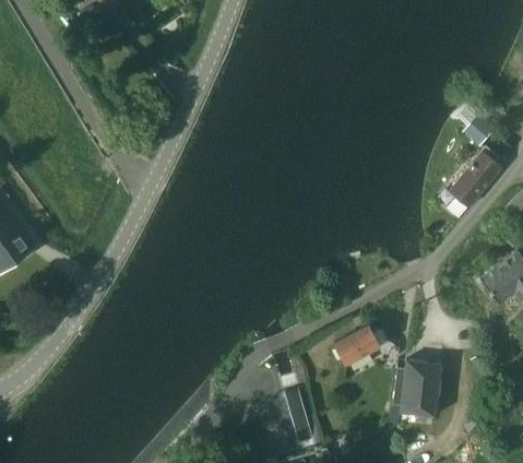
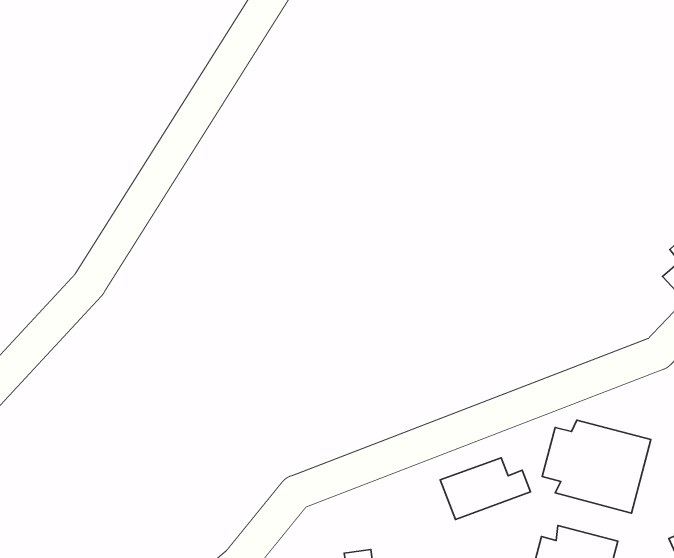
building: none -> [542,420,651,513]

